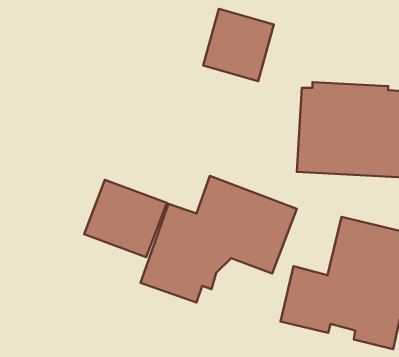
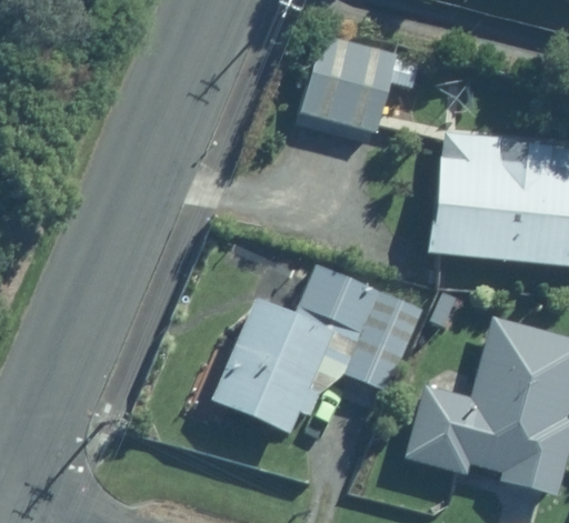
building: [84,180,167,257] -> none

